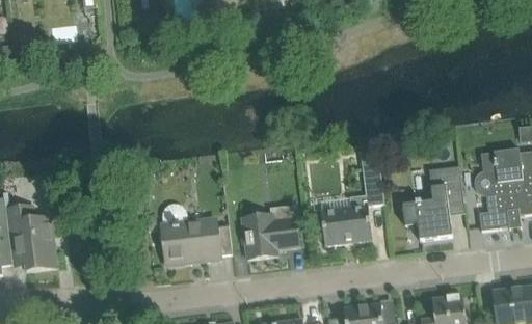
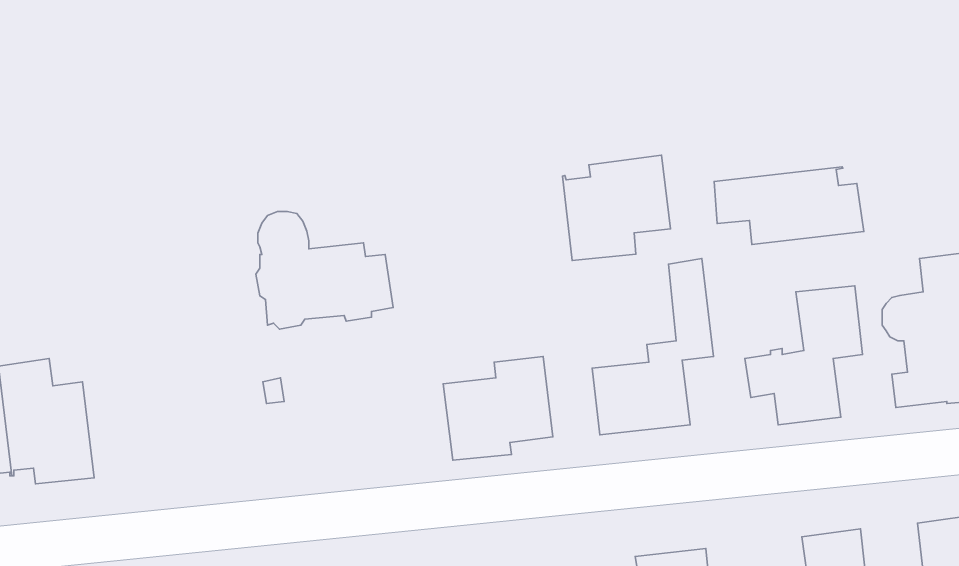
building: none -> [562,155,671,260]
building: none -> [714,167,864,245]
building: [159,201,232,264] -> [256,211,393,329]

